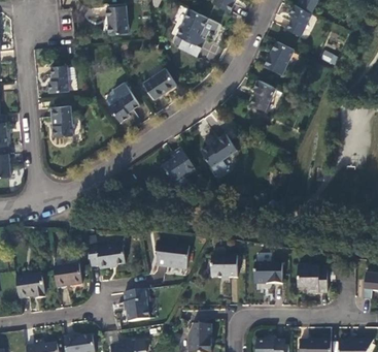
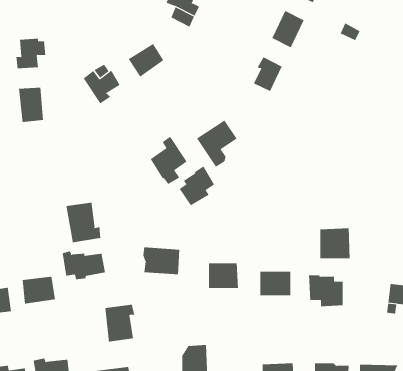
building: none -> [179,166,215,206]
building: none -> [66,202,101,243]
building: none -> [320,227,350,259]

